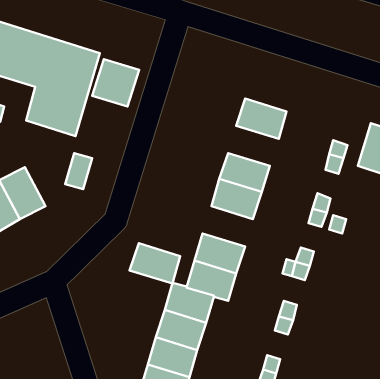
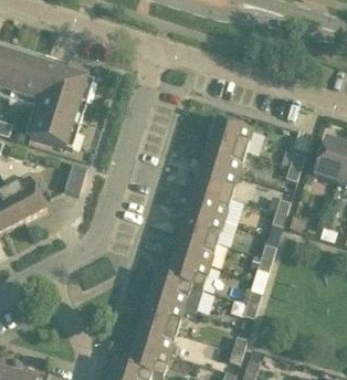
building: [92,59,139,107] -> none
building: none -> [203,139,246,173]
building: [130,243,180,283] -> [181,208,224,242]

